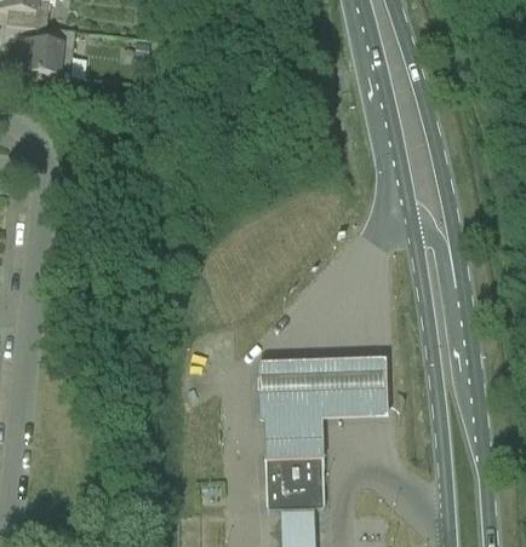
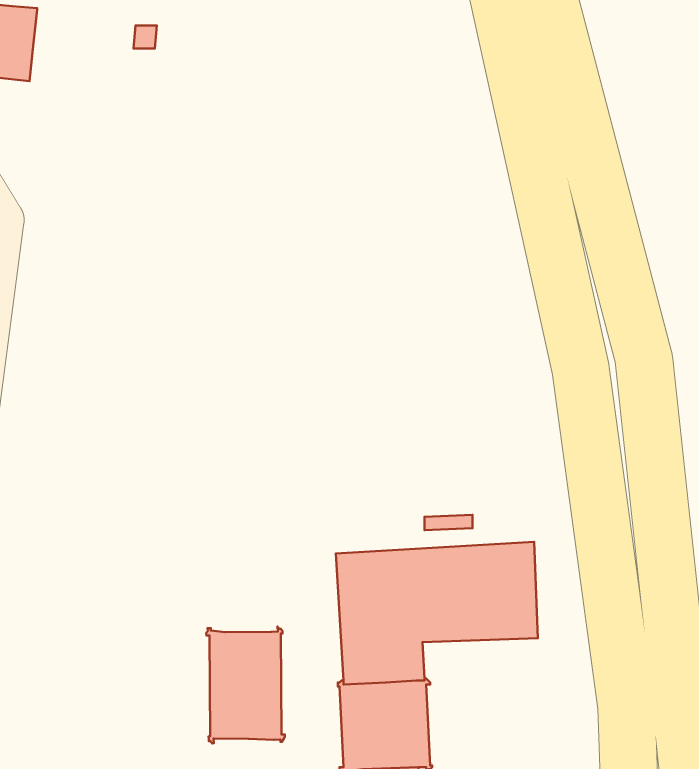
building: none -> [206,627,285,743]

